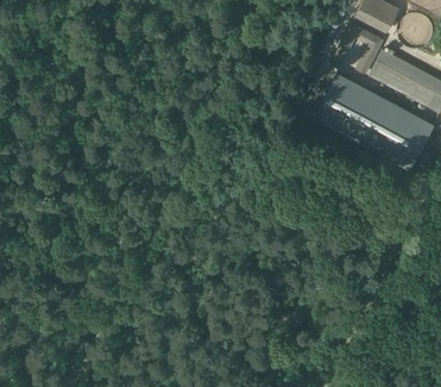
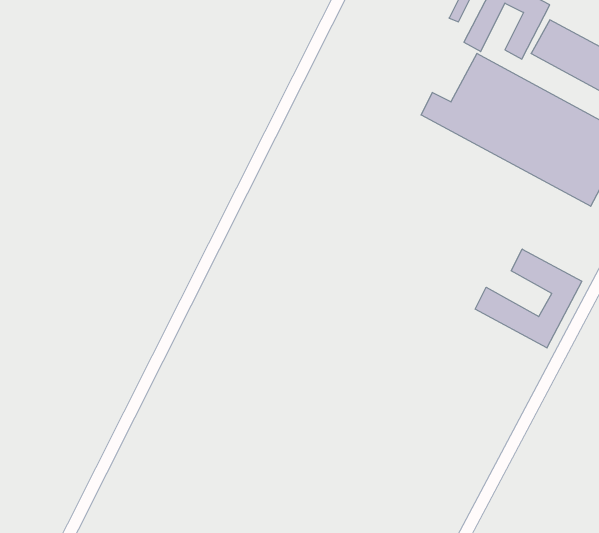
building: none -> [475,249,582,348]

